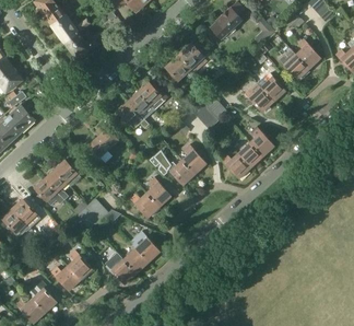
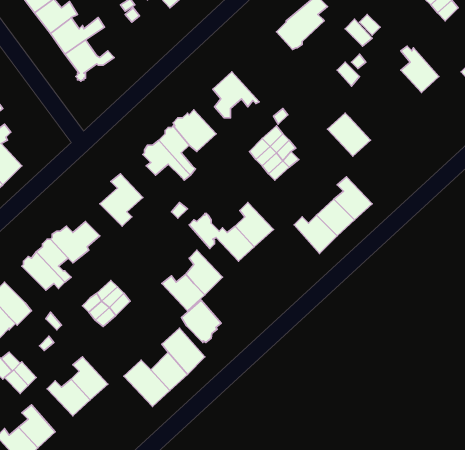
building: [178,40,208,75] -> none
building: [279,50,308,80] -> none
building: [256,71,285,102] -> none
building: none -> [181,300,221,343]

